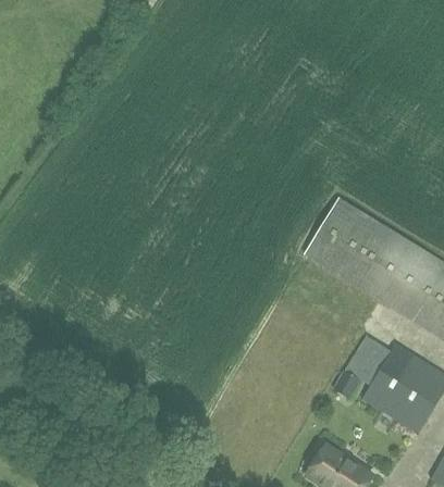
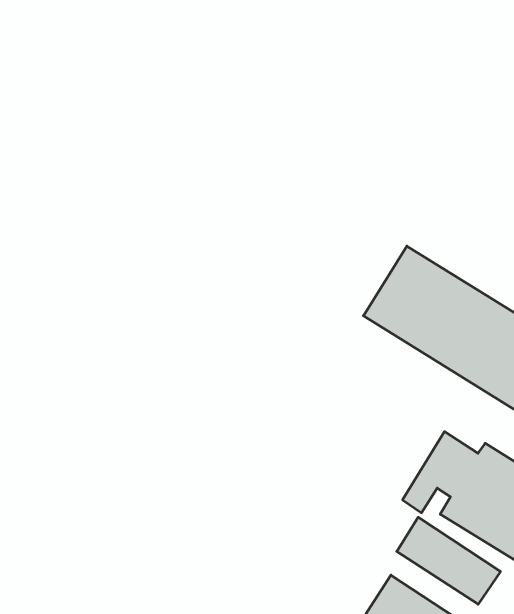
building: none -> [397,517,500,604]

